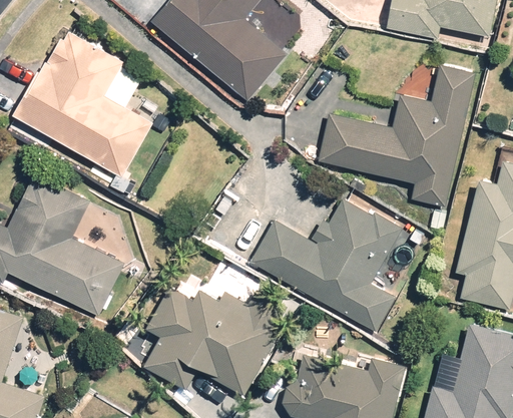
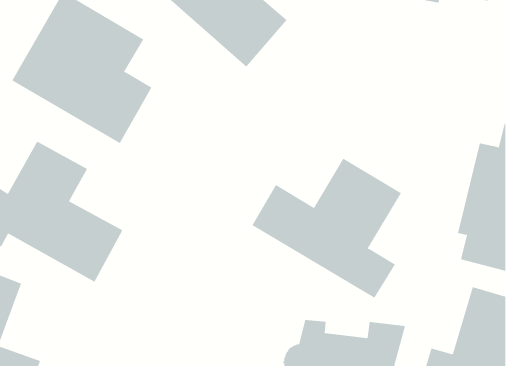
building: [320,65,472,210] -> none
building: [144,286,288,396] -> none

